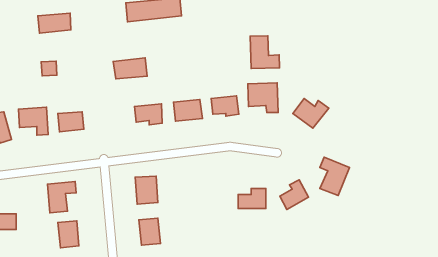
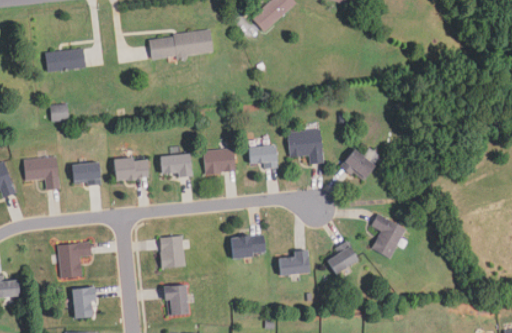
building: [250,36,280,68] -> none
building: [113,58,147,79] -> [111,156,150,180]
building: none -> [229,234,266,257]

